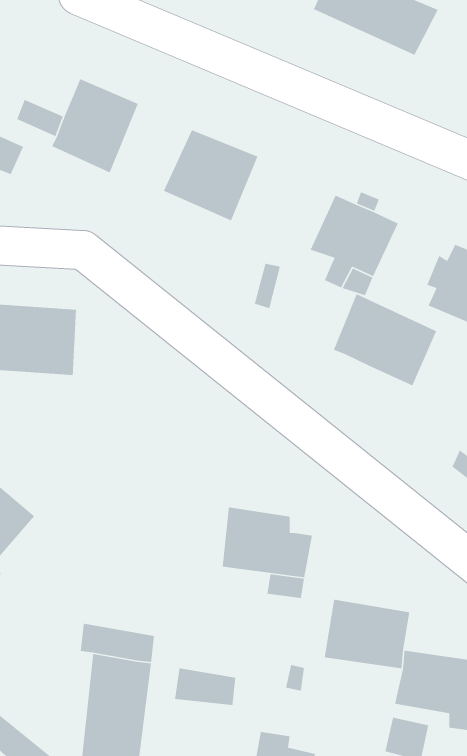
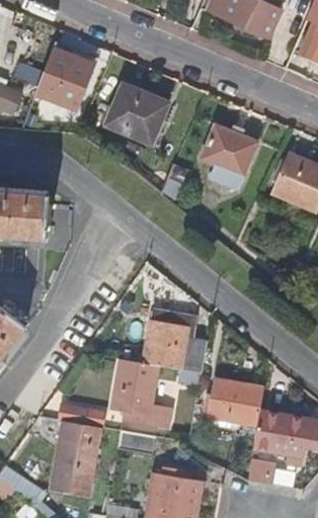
building: [333,293,437,387] -> none
building: none -> [148,305,193,339]
building: none -> [114,359,173,423]

